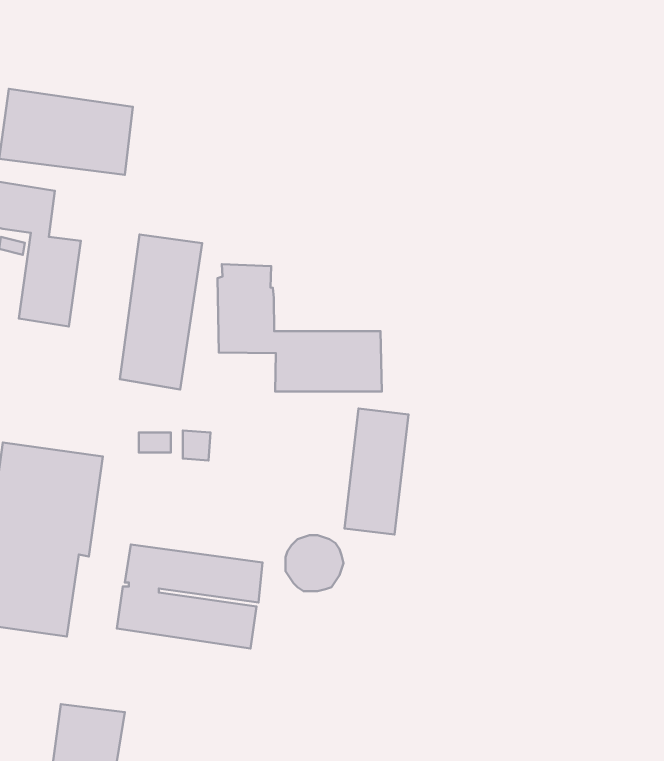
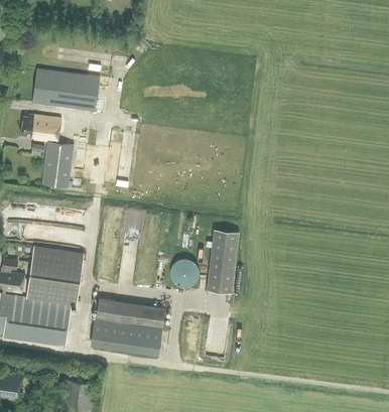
building: [120,234,202,390] -> none
building: [217,264,382,391] -> none
building: [286,535,343,591] -> [169,259,199,287]

